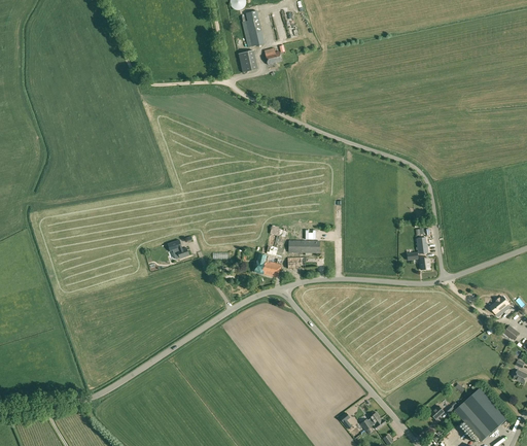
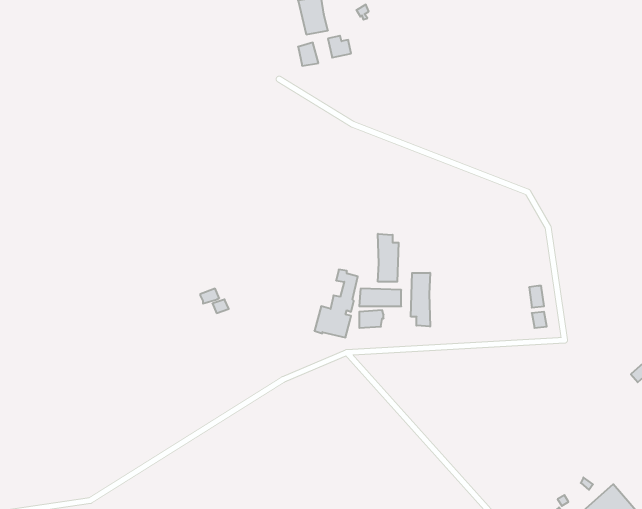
building: none -> [378,234,399,282]
building: none -> [411,273,430,327]

